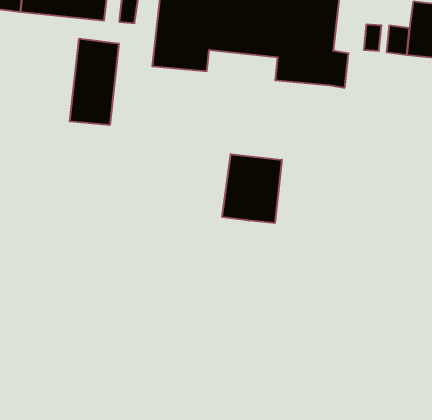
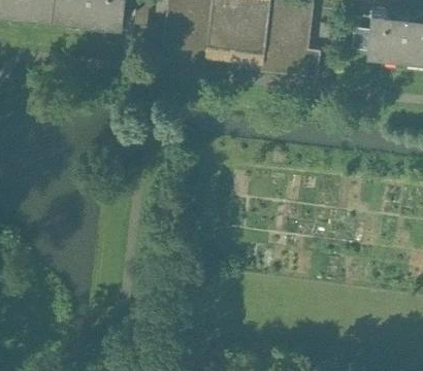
building: [70,39,119,125] -> none
building: [222,154,282,223] -> none

